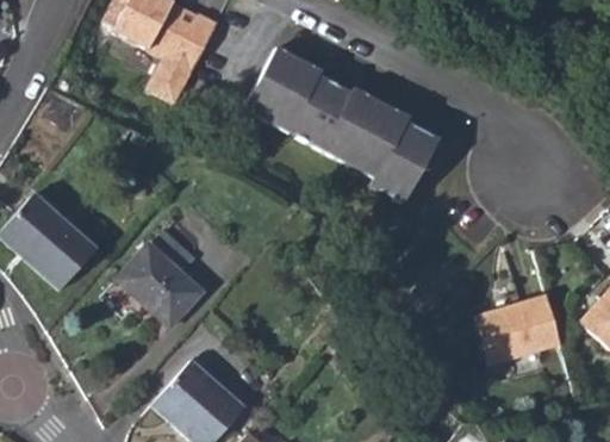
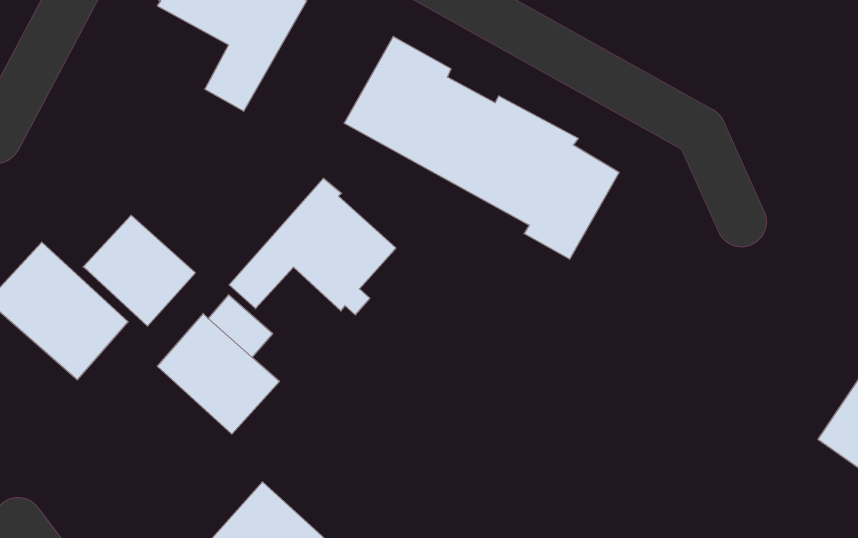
building: none -> [229,178,396,315]
building: none -> [83,215,195,326]
building: [475,291,561,363] -> none

